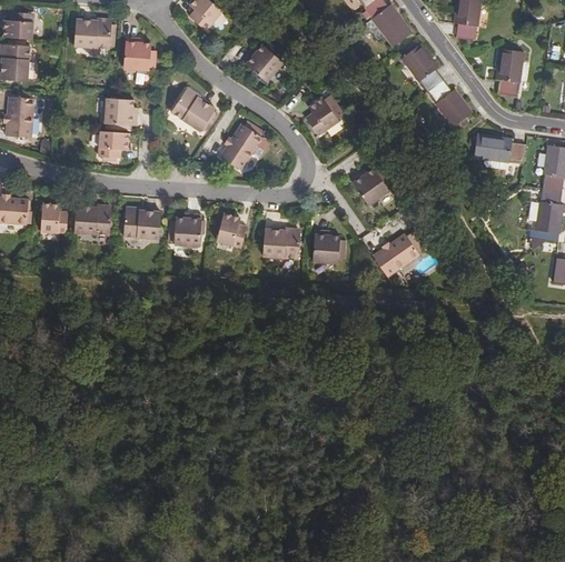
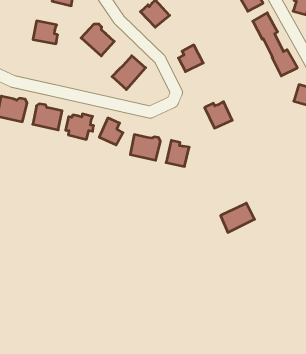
building: [100,131,130,158] -> none
building: [374,235,420,279] -> [221,203,255,232]

